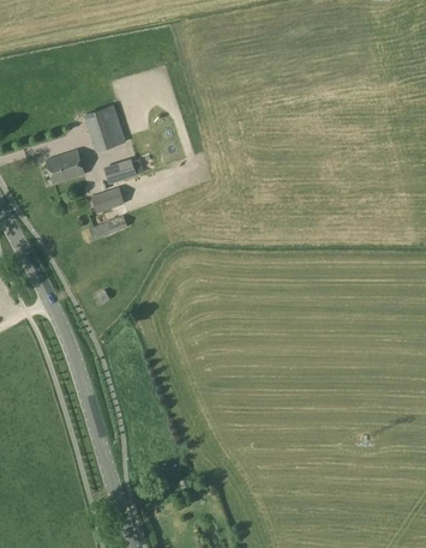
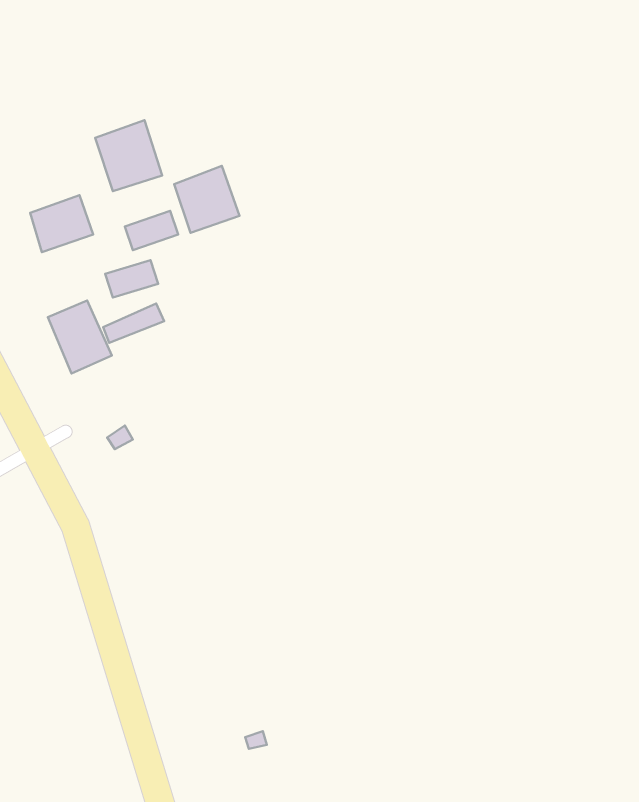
building: none -> [174,166,240,233]
building: none -> [48,300,112,374]

